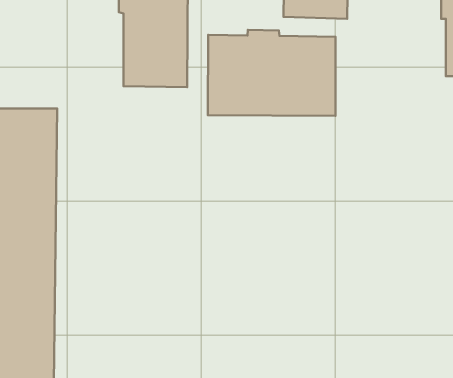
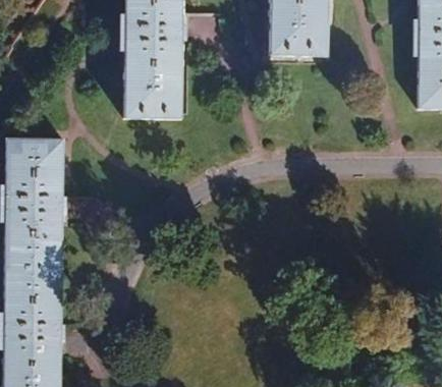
building: [208,30,335,116] -> none

